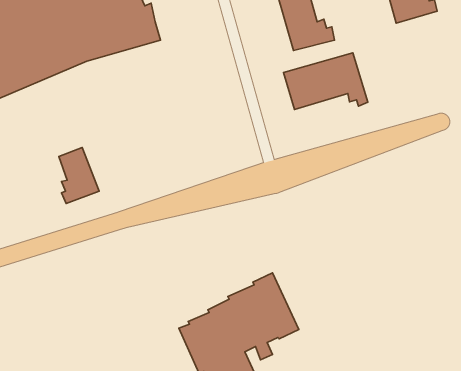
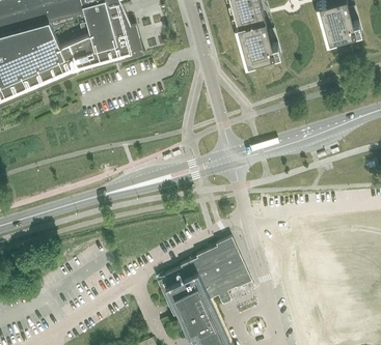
building: [283,53,368,109] -> none
building: [59,147,99,204] -> none

